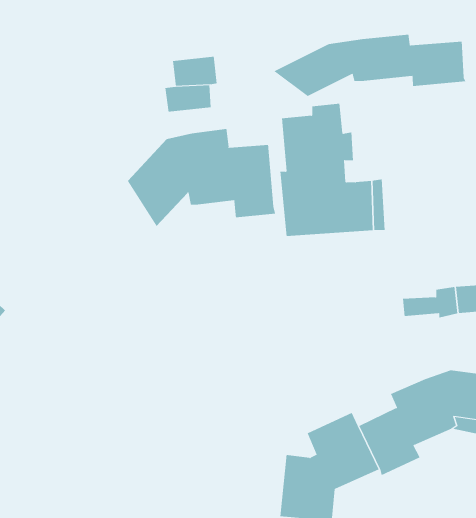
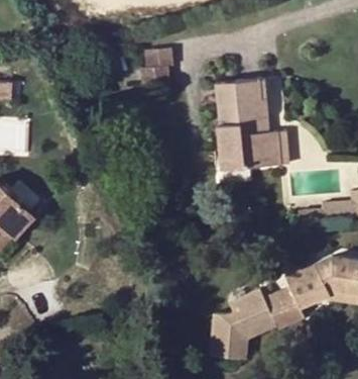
building: [273,34,466,97] -> none
building: [127,128,276,227] -> none

